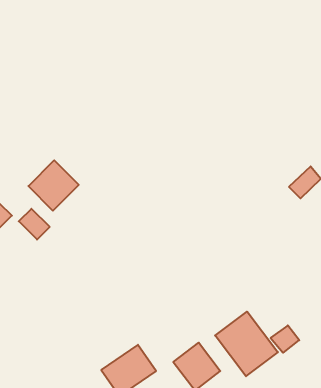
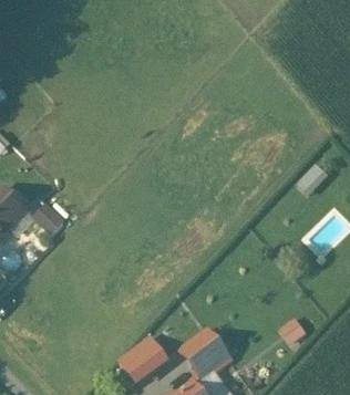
building: [28,160,79,211] -> none
building: [215,312,278,376] -> none

